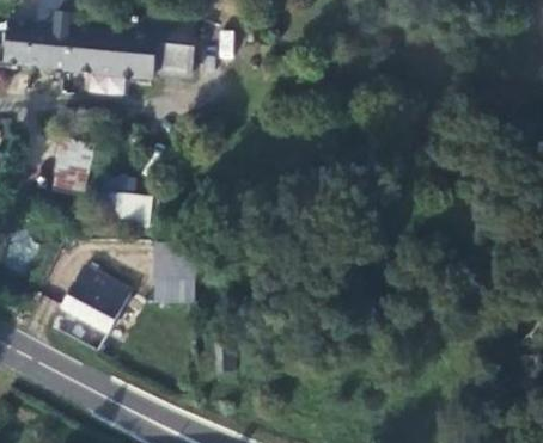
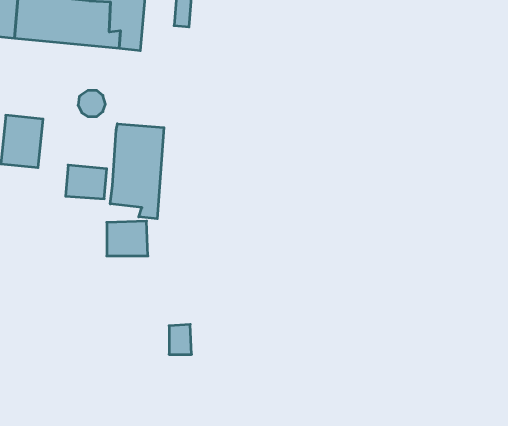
building: none -> [110,124,164,219]
building: [62,270,128,334] -> none

